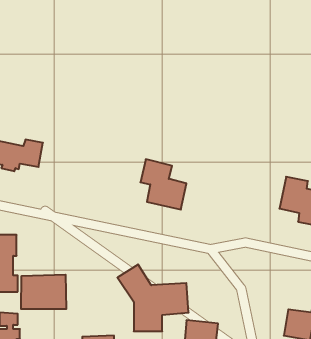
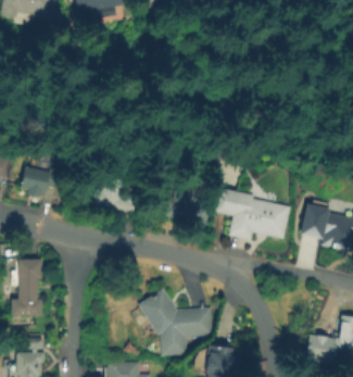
building: none -> [90,173,146,217]
building: none -> [215,187,291,242]
building: [21,275,66,309] -> none

